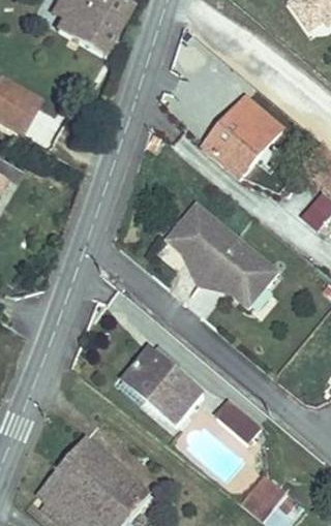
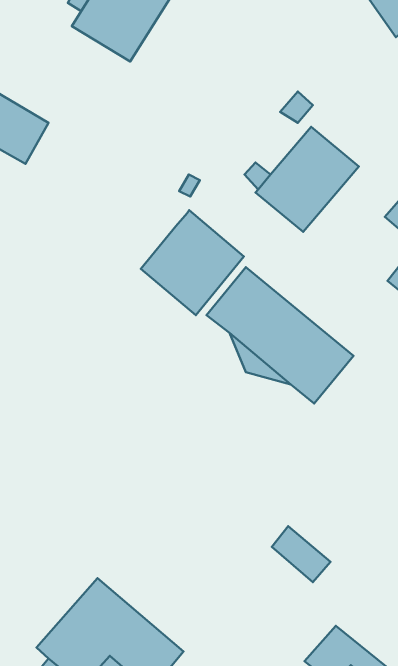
building: none -> [141,210,244,315]
building: [120,346,201,426] -> none

